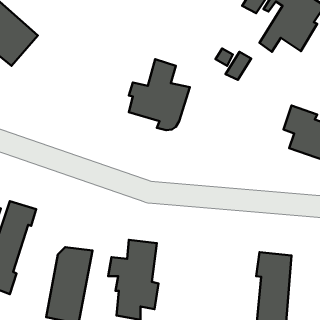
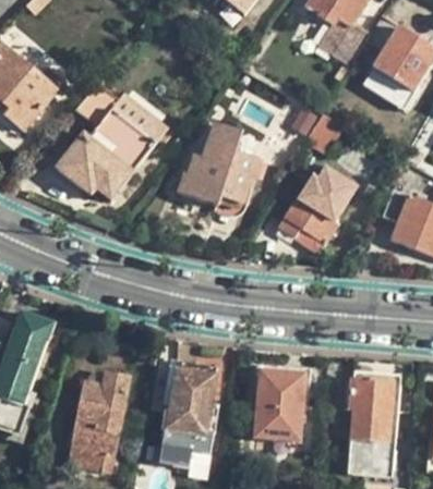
building: none -> [53,77,164,201]
building: none -> [277,168,354,255]
building: none -> [255,369,305,439]

